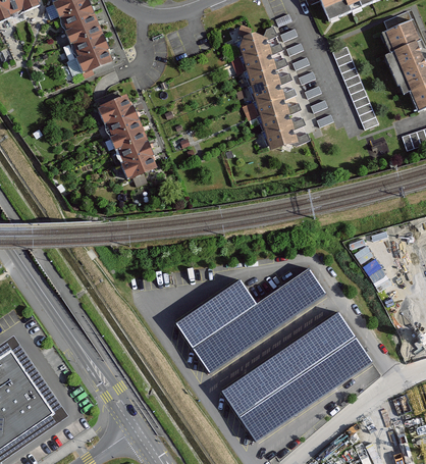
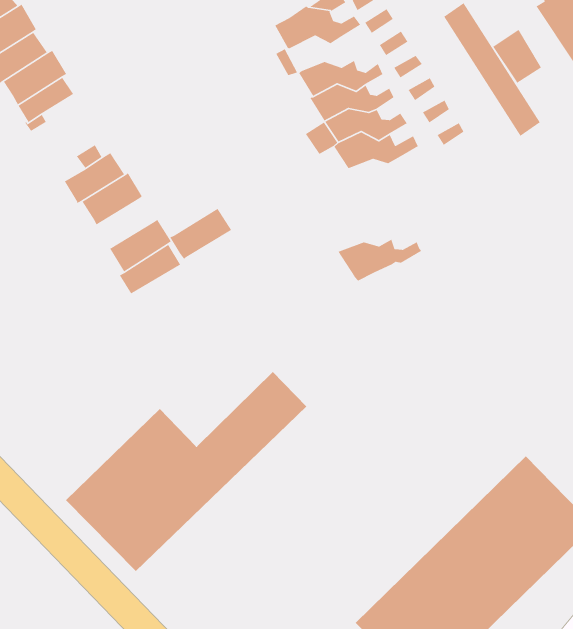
building: [241,52,288,72] -> none
building: none -> [492,29,542,84]
building: [110,128,147,155] -> [169,208,232,260]
building: [262,128,311,151] -> [337,238,422,281]
building: [176,269,324,371] -> [65,371,307,572]

